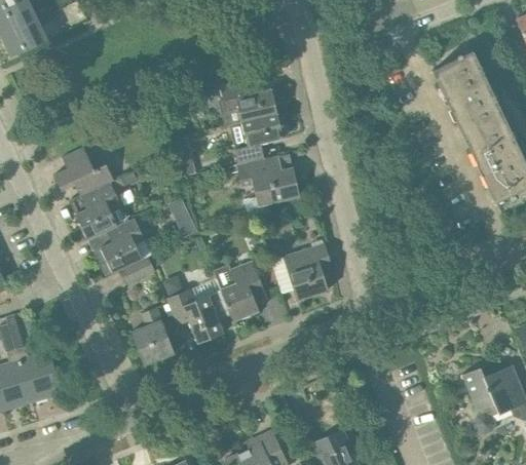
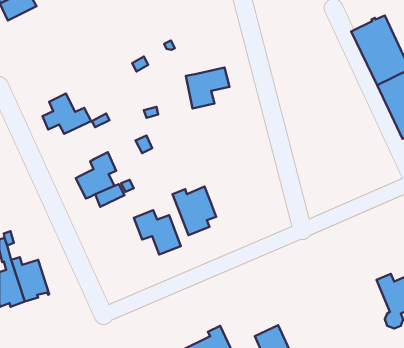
building: [221,79,277,123] -> none
building: [225,156,300,218] -> none
building: [74,183,128,240] -> none
building: [284,244,332,300] -> none
building: [132,308,175,364] -> none

